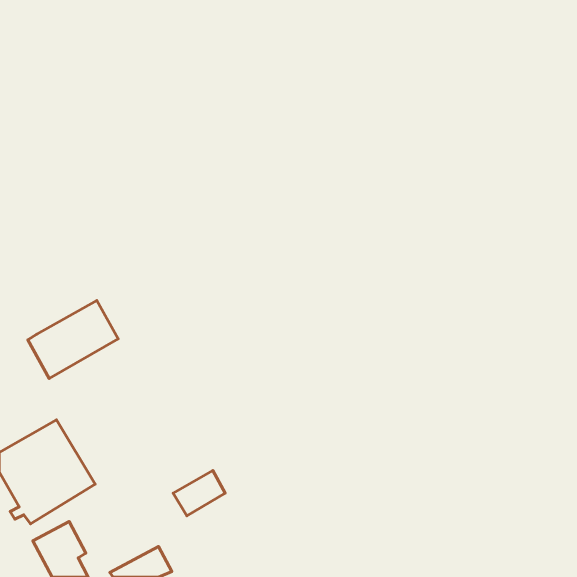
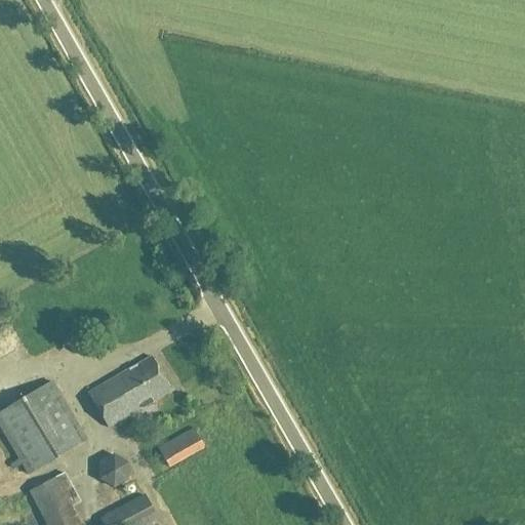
building: [28,300,118,378] -> [88,356,170,427]
building: none -> [97,456,127,489]

